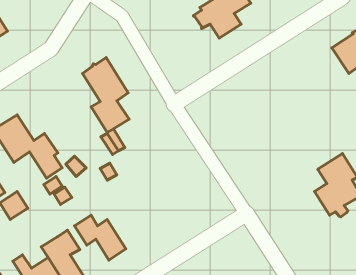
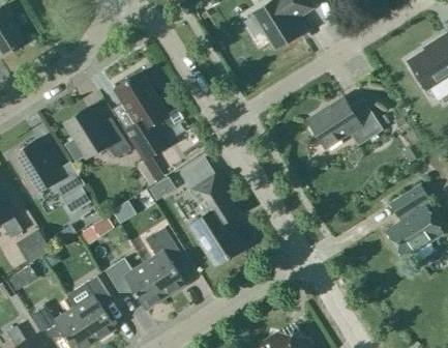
building: none -> [307,97,383,146]
building: none -> [63,107,130,162]
building: none -> [180,157,241,264]
building: none -> [143,227,185,296]

